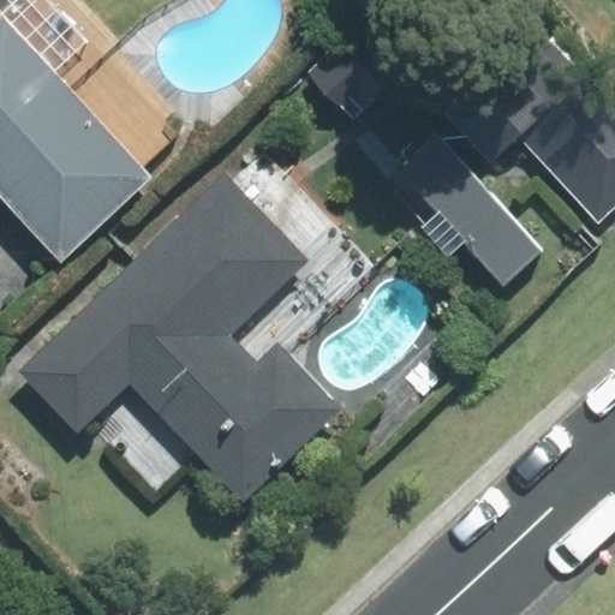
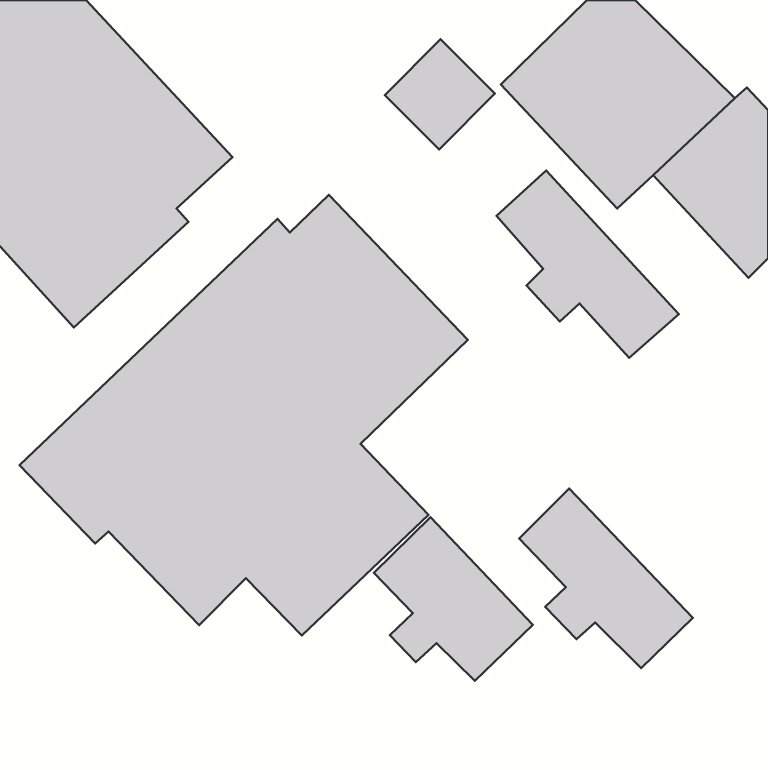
building: none -> [519,488,693,668]
building: none -> [374,517,533,681]

